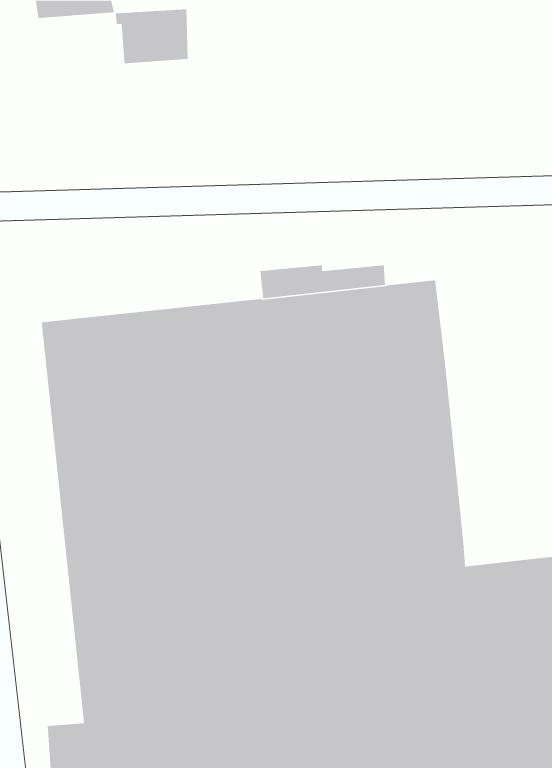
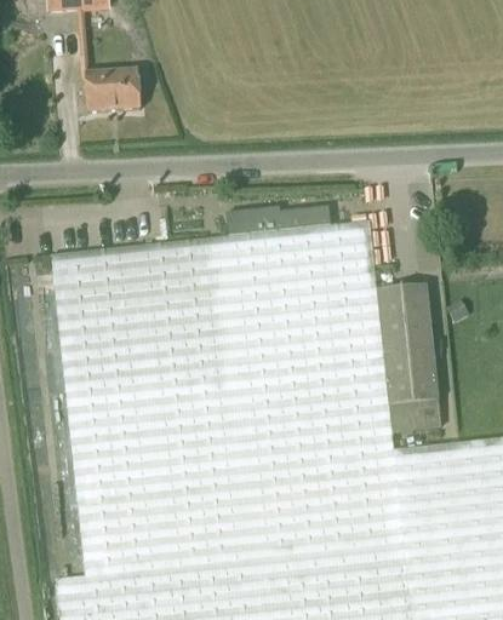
building: [115,8,189,64] -> [80,71,139,116]
building: none -> [377,289,444,437]

